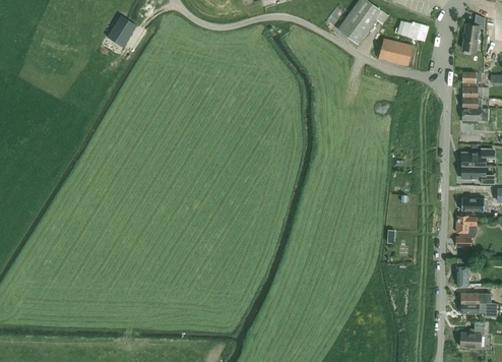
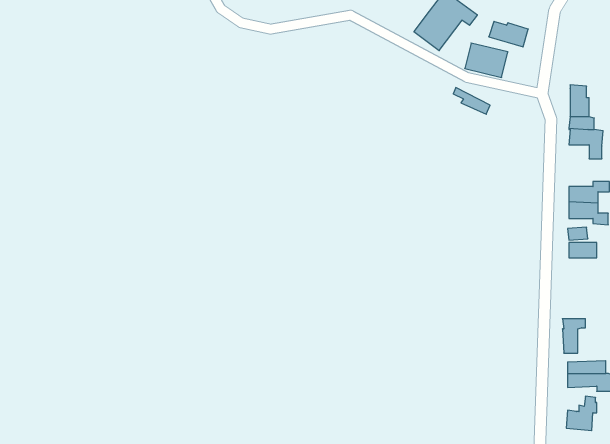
building: [462,14,485,51] -> none
building: [107,16,136,47] -> none
building: [456,217,476,247] -> none

